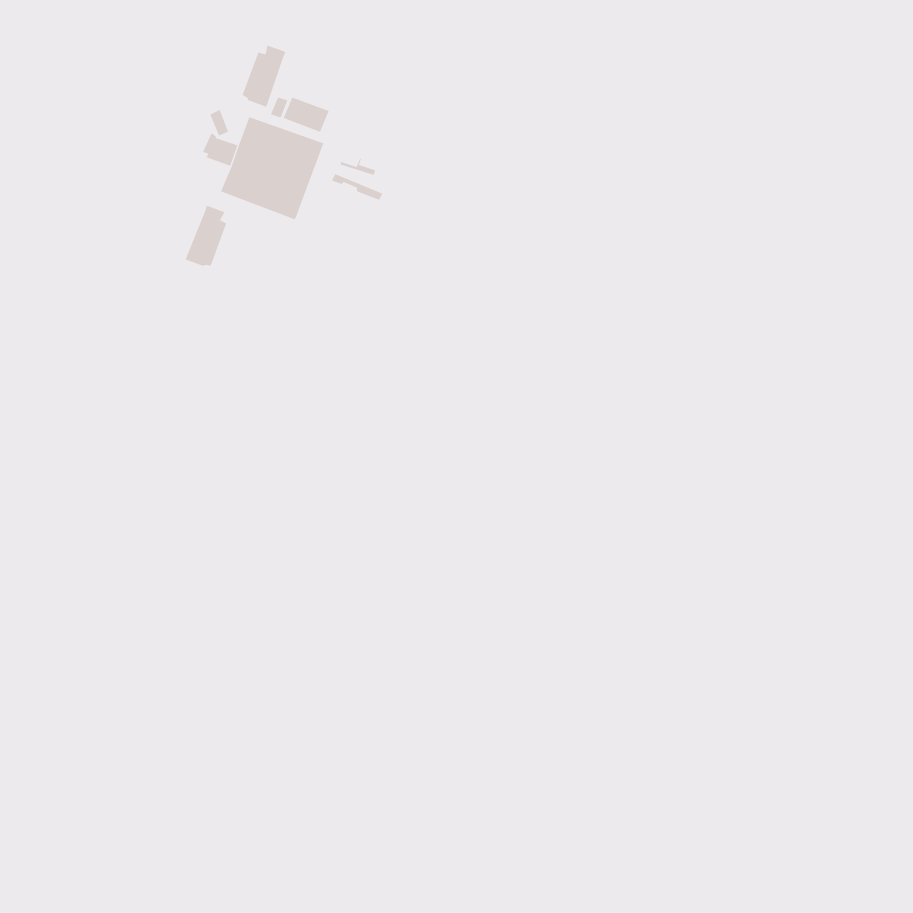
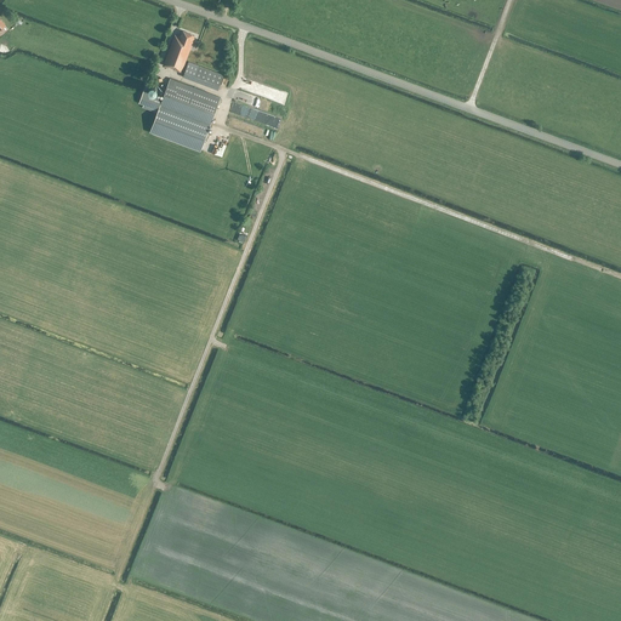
building: [185,205,227,267] -> none

